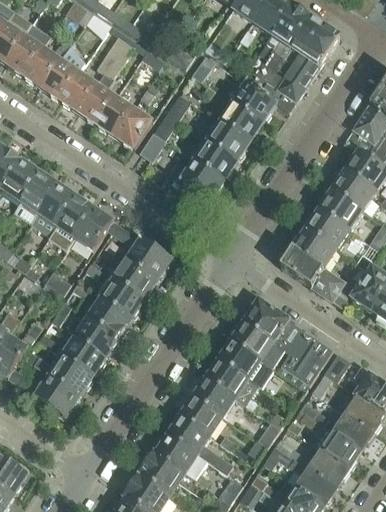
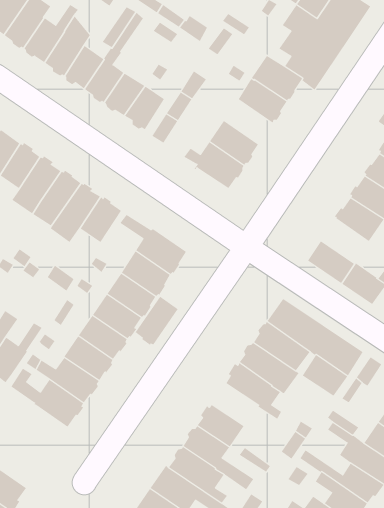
building: [205,120,250,161] -> none
building: [293,228,337,269] -> none
building: none -> [135,296,179,346]
building: [194,377,237,416] -> none

